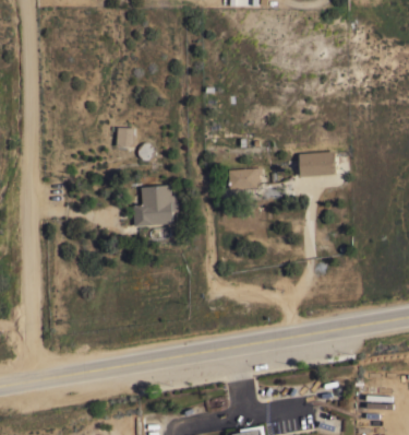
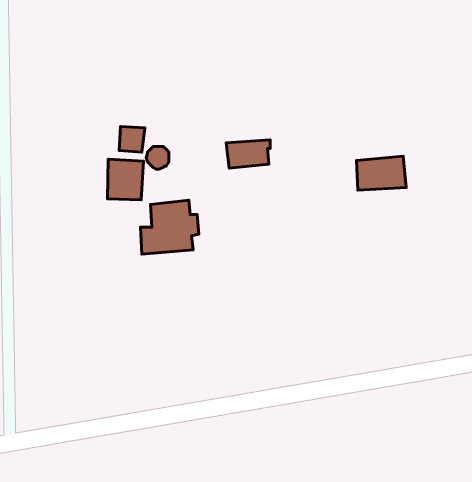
building: none -> [108,159,143,200]
building: [228,168,262,190] -> [226,140,270,168]

